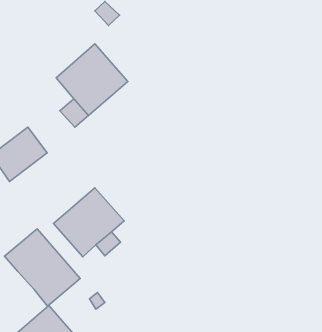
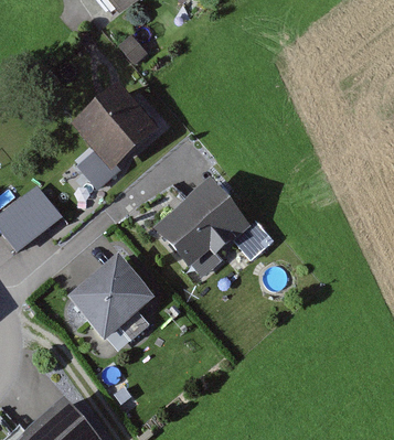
building: none -> [151,180,276,278]
building: [4,229,80,306] -> none

